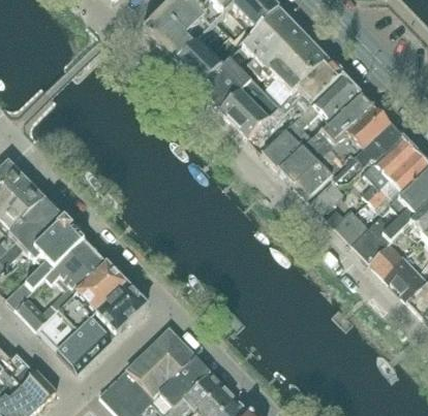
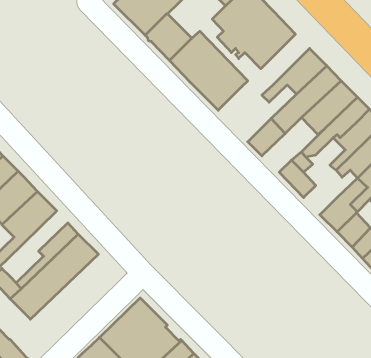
building: [272,59,341,119] -> none
building: [262,128,302,168] -> none
building: [293,143,349,197] -> none
building: [335,207,369,243] -> none
building: [33,238,95,292] -> none
building: [57,283,146,370] -> none

